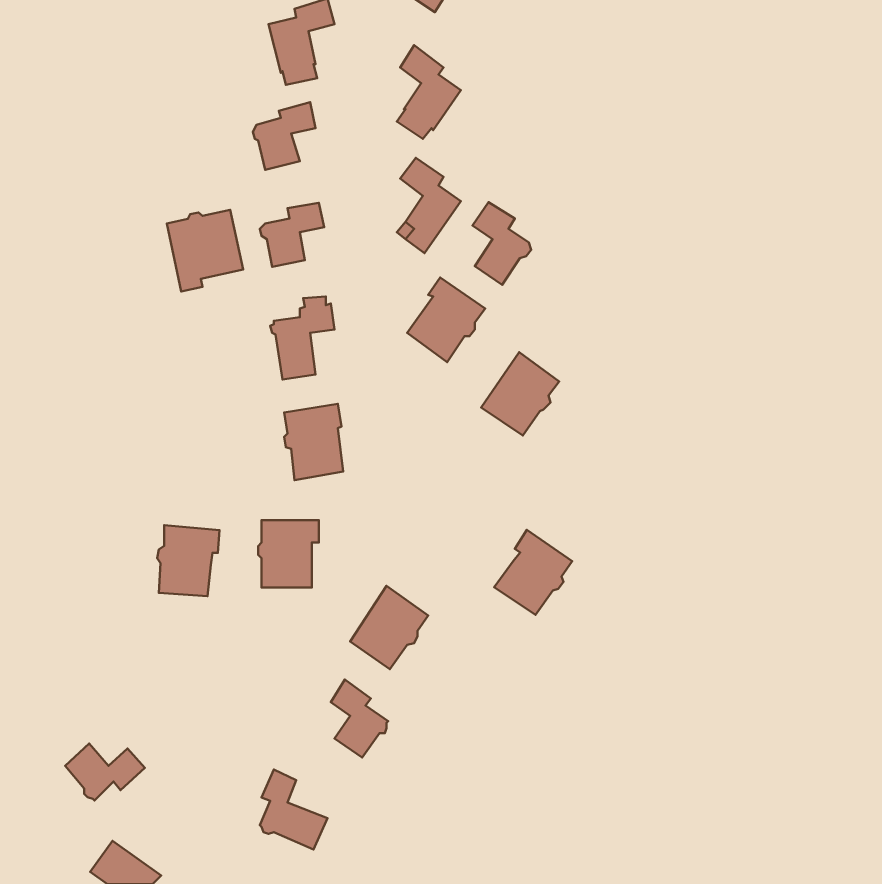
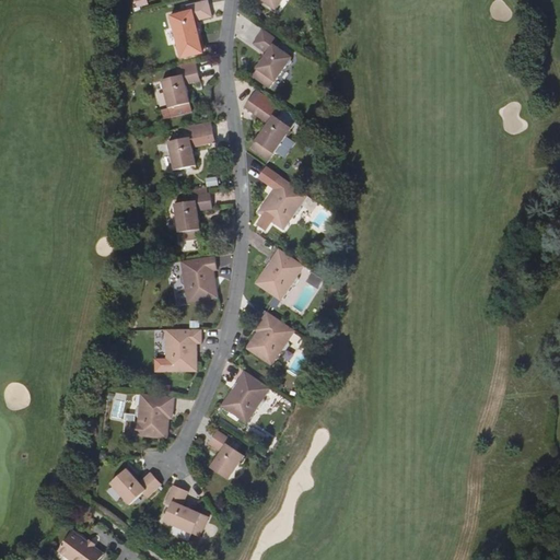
building: [472,202,531,285] -> none
building: [167,210,243,291] -> none
building: [481,352,559,435] -> [254,247,303,300]
building: [157,525,220,596] -> [135,393,174,438]
building: [494,530,572,615] -> [245,311,294,364]
building: [65,743,145,801] -> [110,468,161,504]

